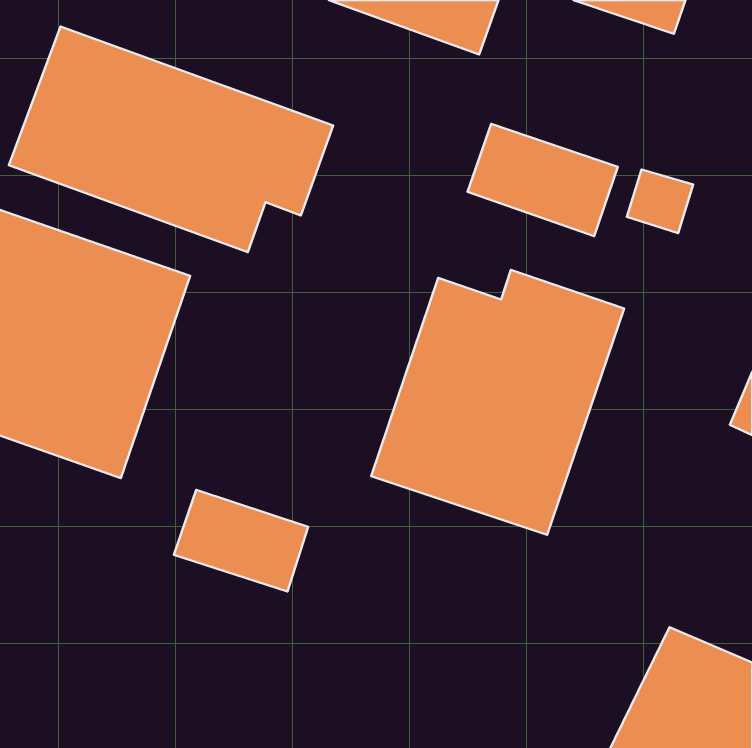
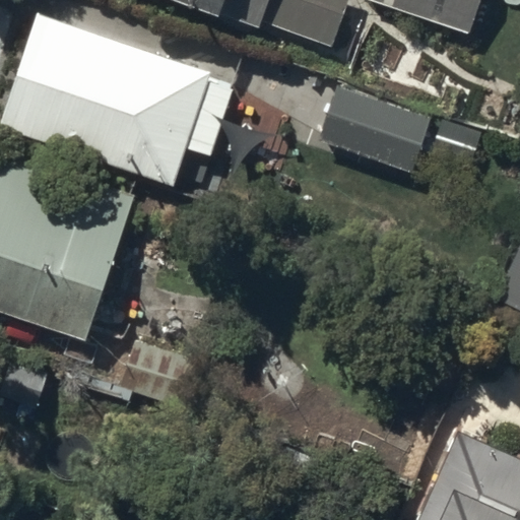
building: [371,270,624,535] -> none

